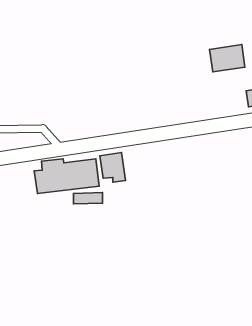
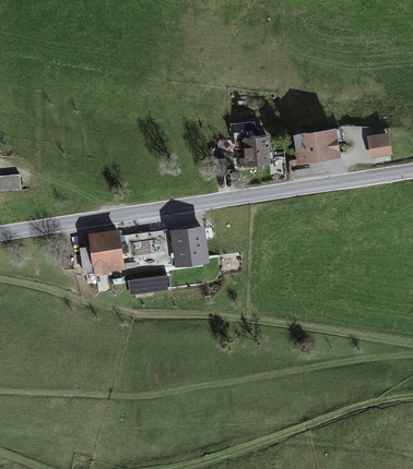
building: [210,45,245,72] -> [293,128,341,165]
building: none -> [245,136,271,165]

